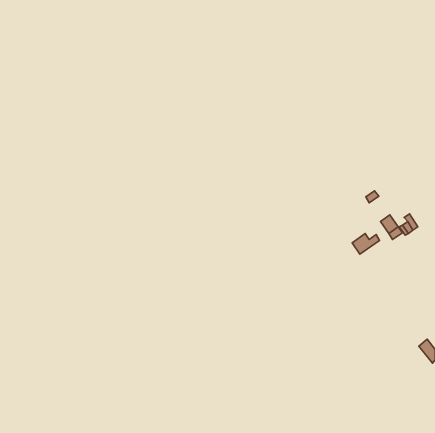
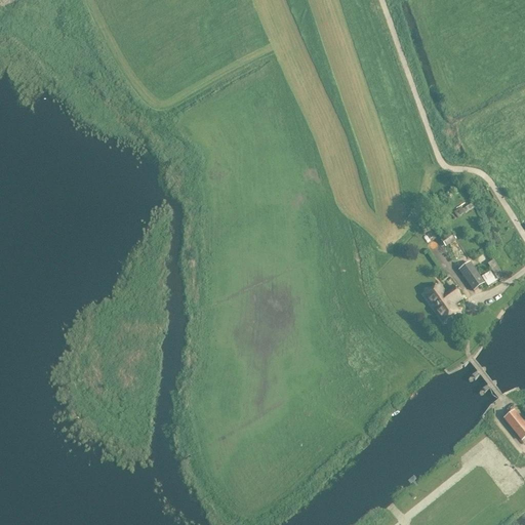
building: none -> [433,289,461,319]

